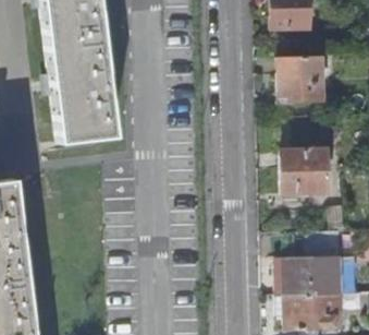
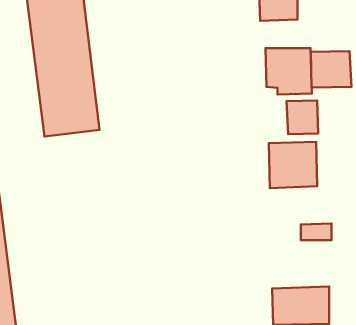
building: none -> [311,51,351,88]
building: none -> [287,101,318,134]
building: [284,255,342,294] -> none

